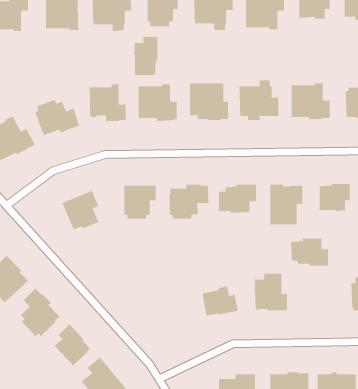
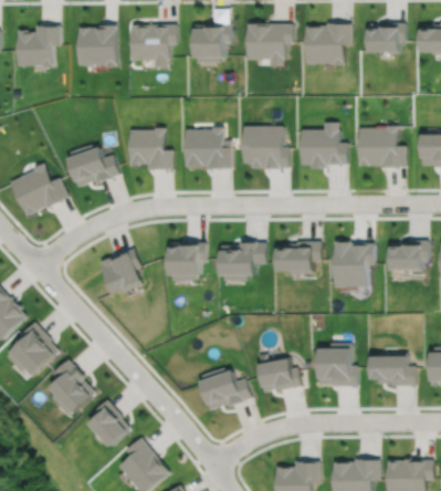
building: [134,36,158,76] -> none
building: [290,238,329,266] -> [370,355,414,387]
building: none -> [198,369,251,411]

